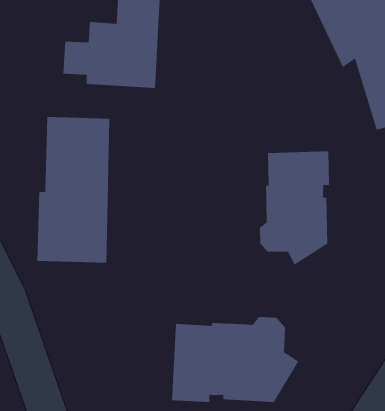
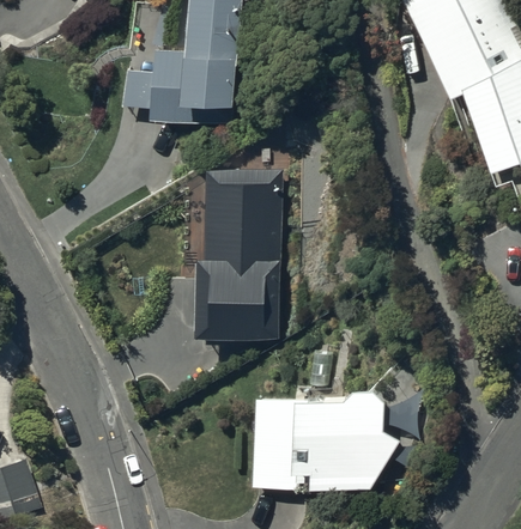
building: [36,116,110,263] -> [194,166,280,338]
building: [259,151,329,265] -> none

